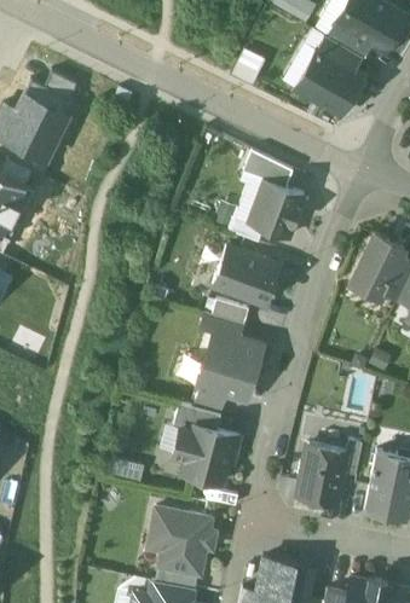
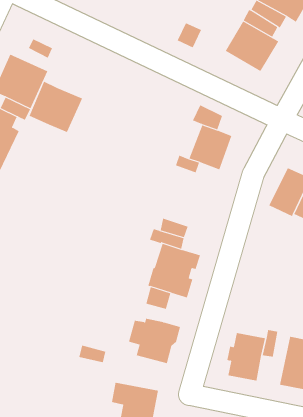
building: none -> [29,81,83,133]
building: [213,247,279,306] -> none
building: [174,405,221,431] -> none

